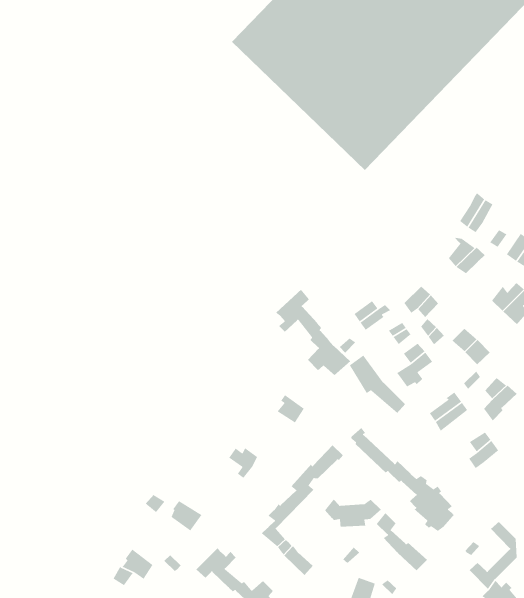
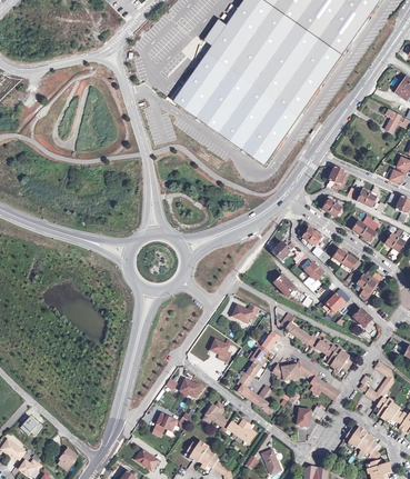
building: [275,289,351,376] -> none

